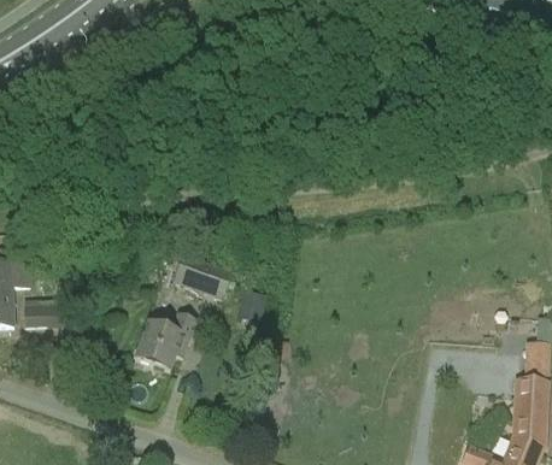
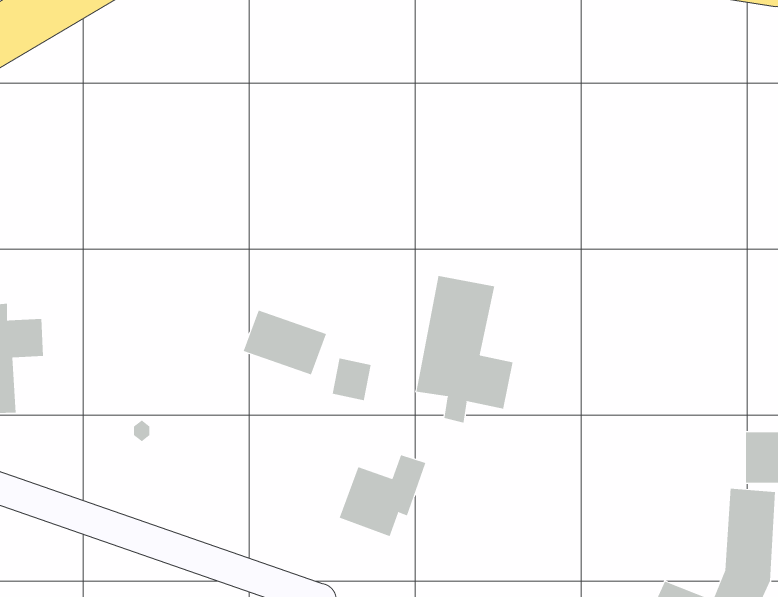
building: none -> [416,275,513,424]
building: [23,300,48,328] -> none
building: [135,311,196,369] -> [339,454,426,537]

